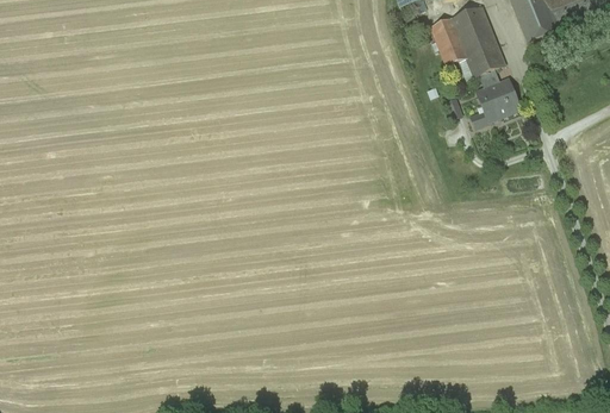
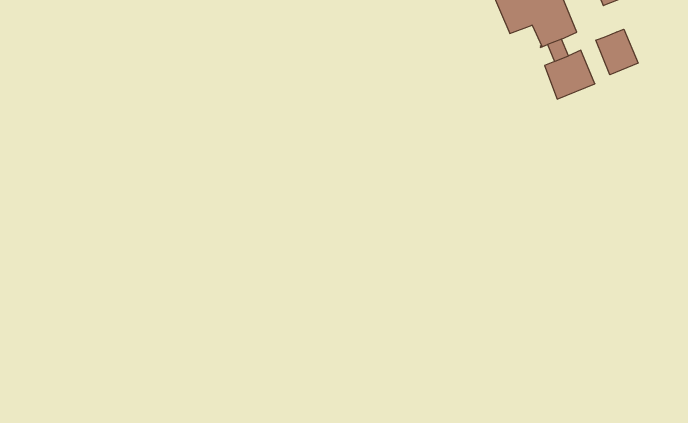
building: none -> [596,29,638,75]

